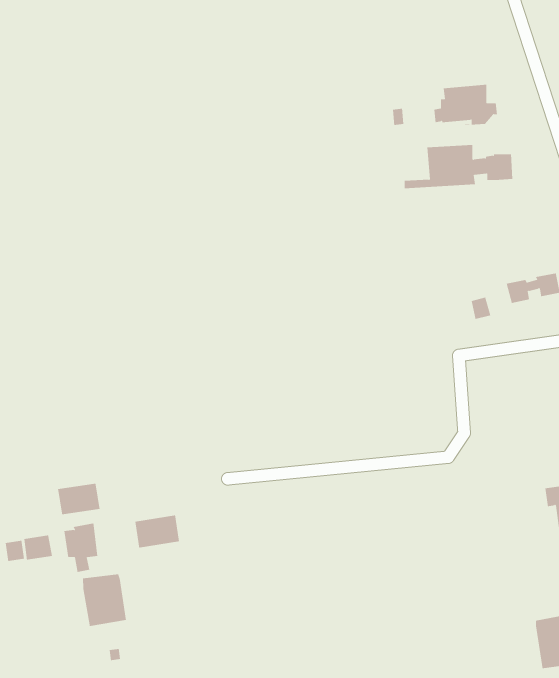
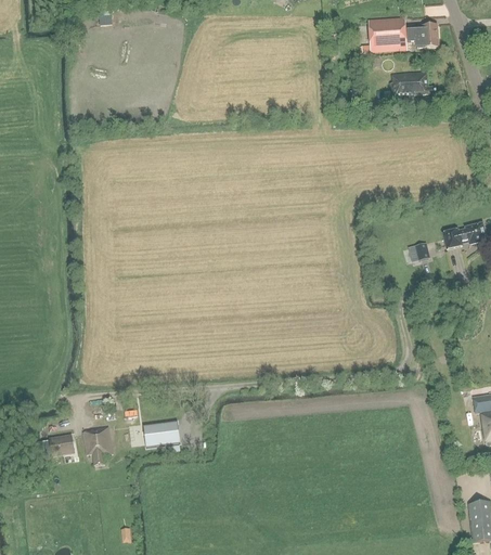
building: [404,145,513,189] -> [349,17,438,53]
building: [58,483,100,515] -> none
building: [82,573,127,627] -> none

